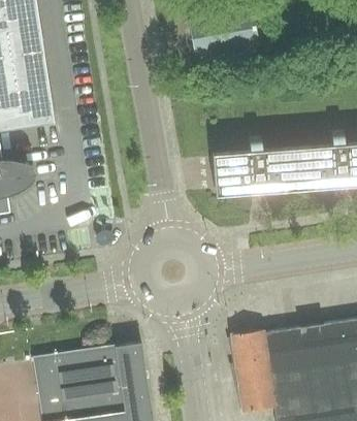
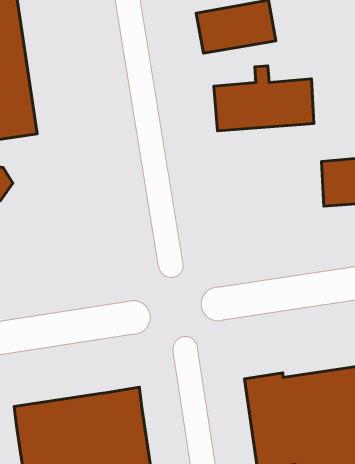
building: [214,137,299,193] -> [214,66,314,131]

